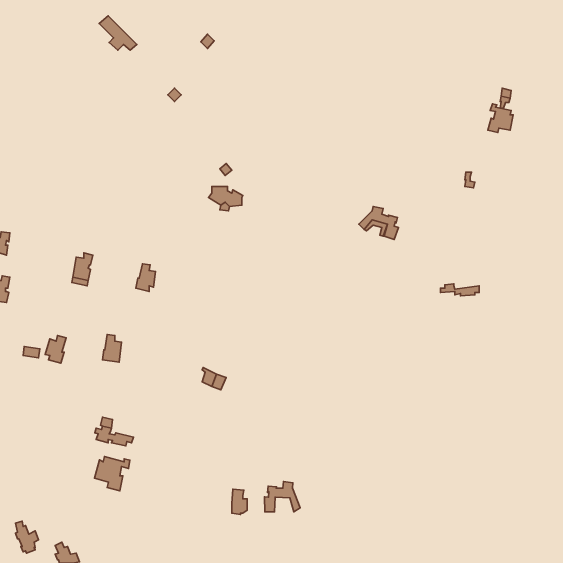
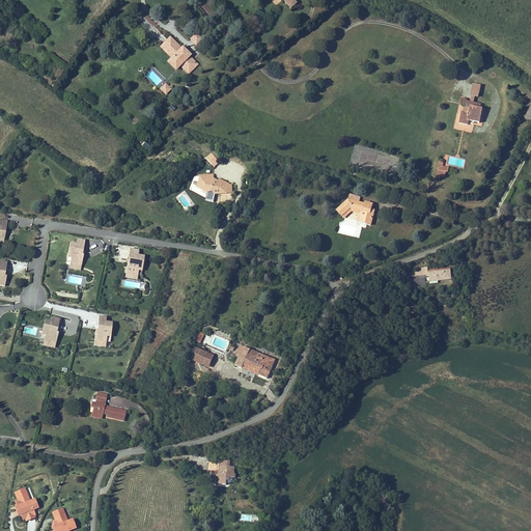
building: [99,16,137,50] -> [160,35,195,67]
building: none -> [234,345,274,378]
building: [94,456,130,491] -> none
building: [264,482,300,512] -> none

